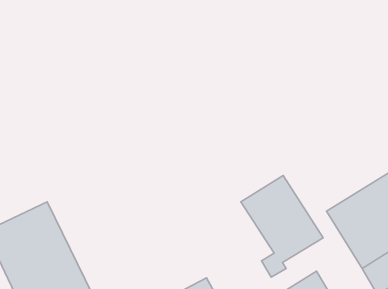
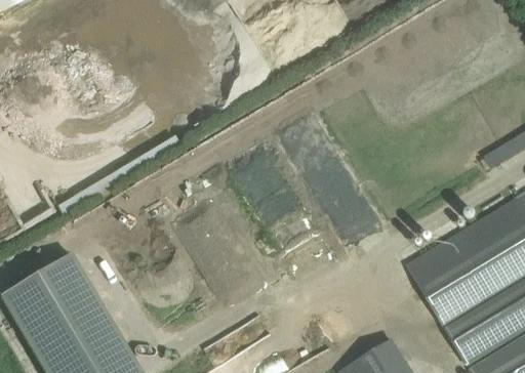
building: [241,176,323,277] -> none

